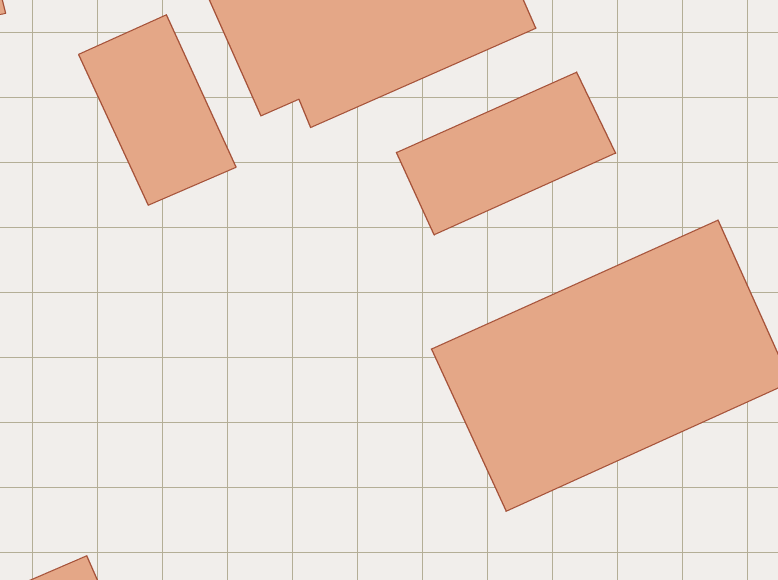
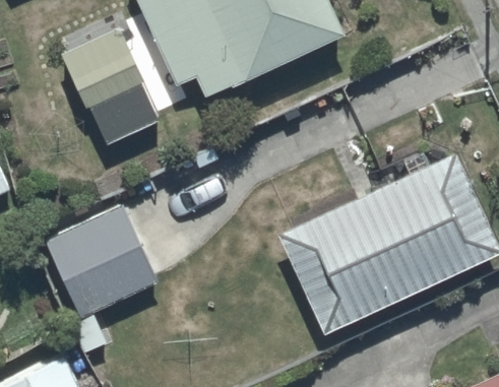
building: [397,72,616,235] -> none
building: none -> [44,204,157,319]

